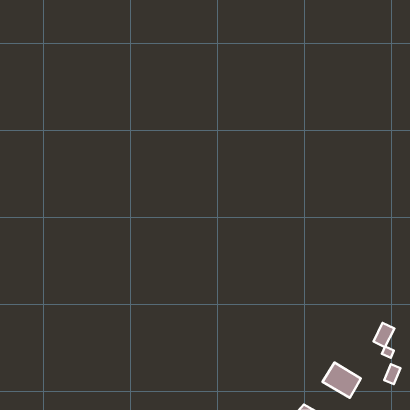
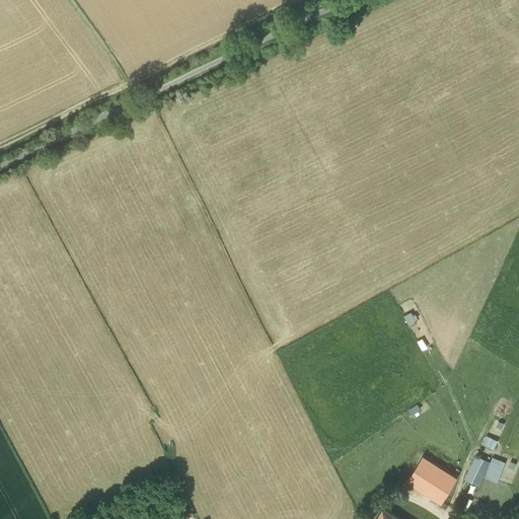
building: [374,323,394,347] -> [465,457,492,488]

